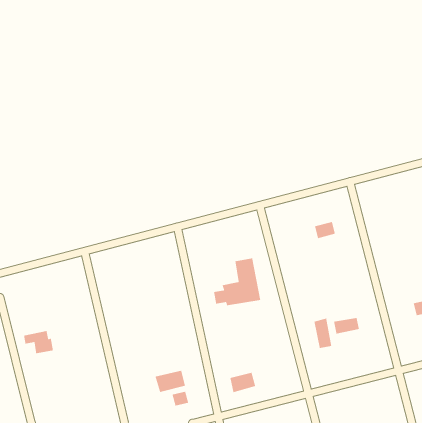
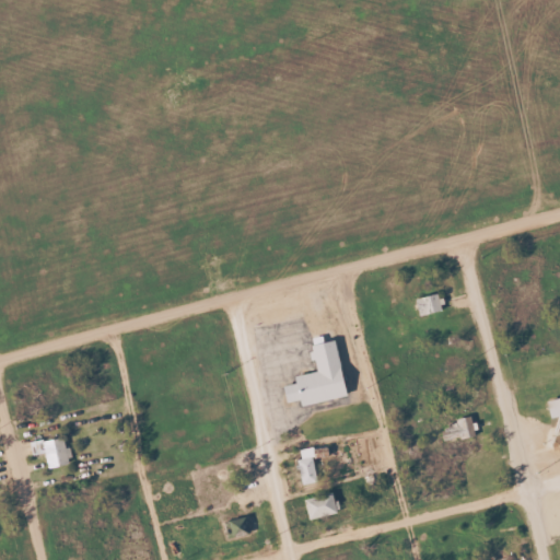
building: [314,317,332,349] -> none
building: none -> [300,447,318,485]
building: [155,370,186,393] -> none

